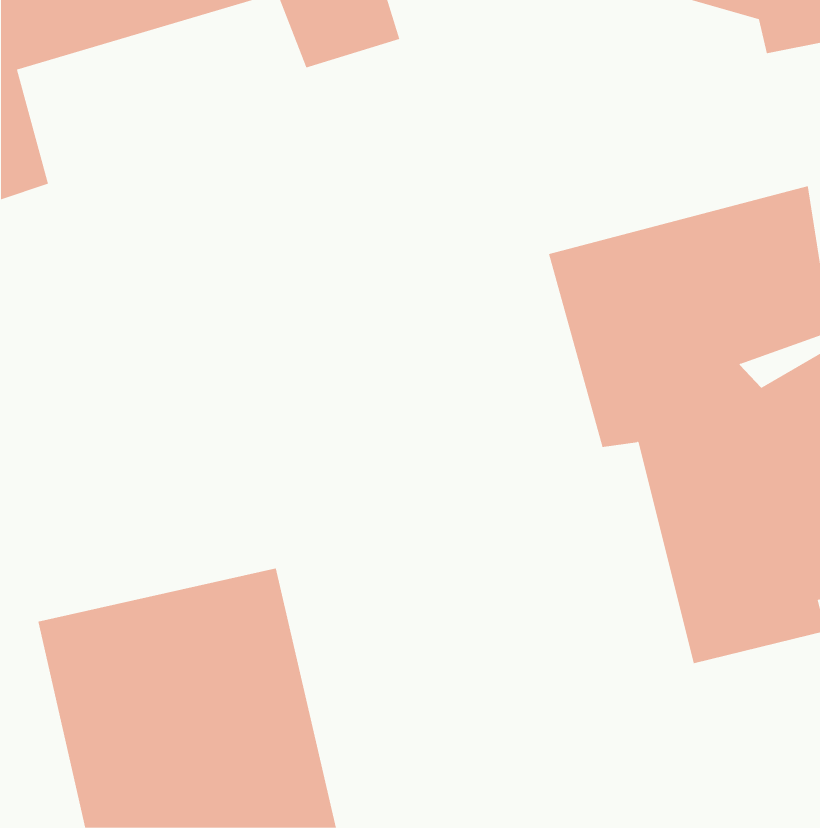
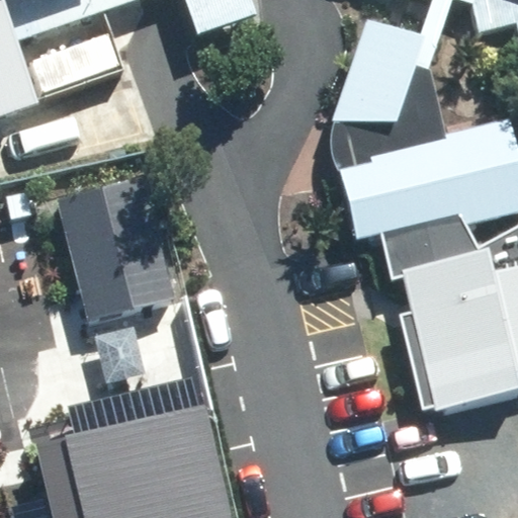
building: none -> [334,31,425,132]
building: none -> [59,186,180,326]

